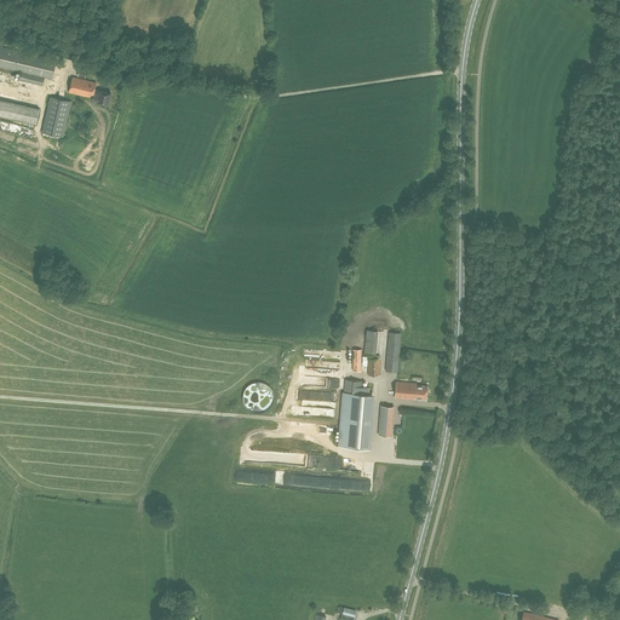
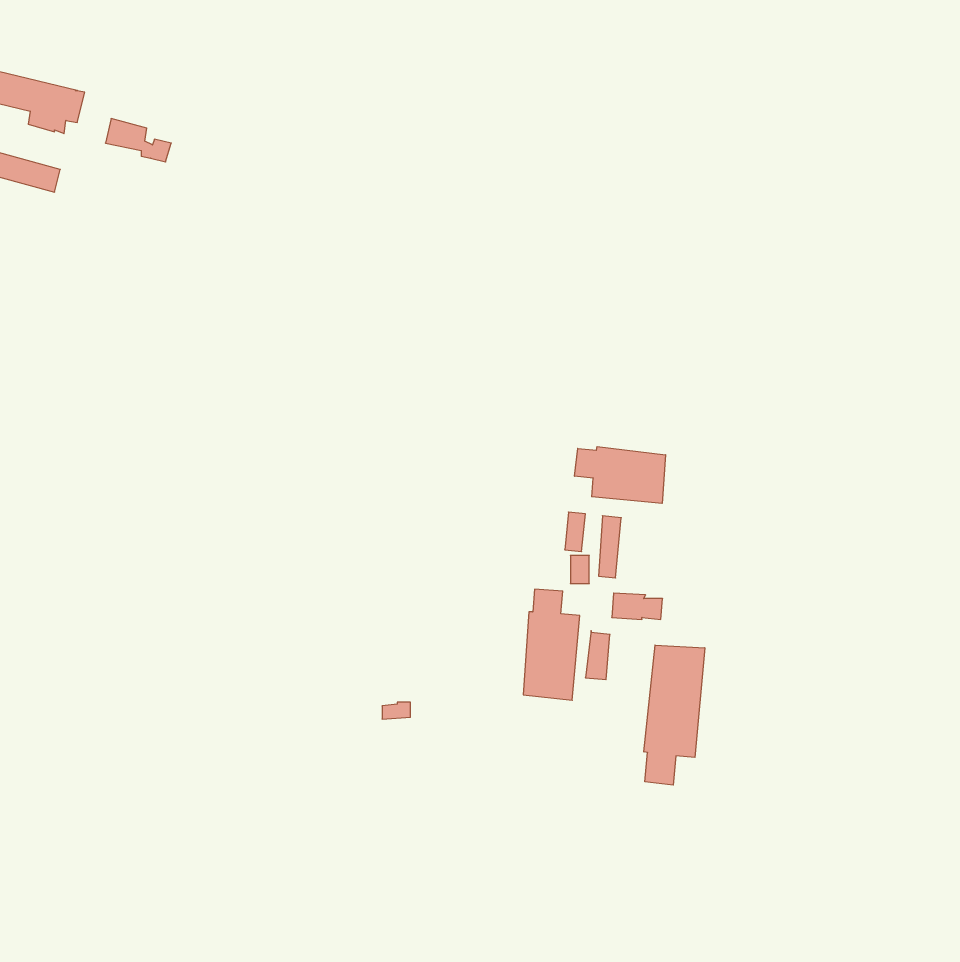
building: [40,97,70,138] -> none
building: none -> [575,447,666,503]
building: none -> [644,645,705,785]

